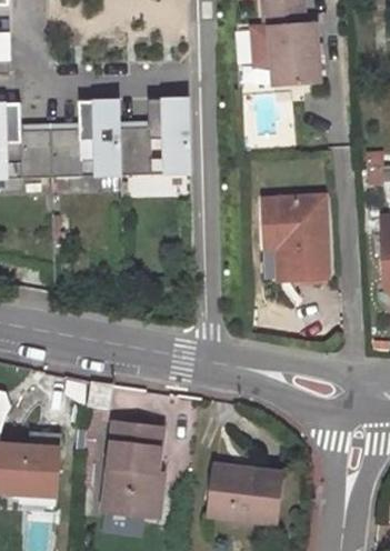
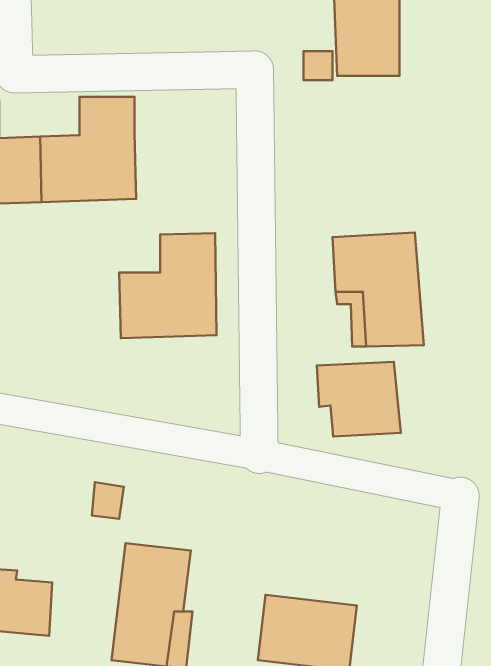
building: [119,97,190,173] -> [119,233,217,338]
building: none -> [317,362,401,436]

